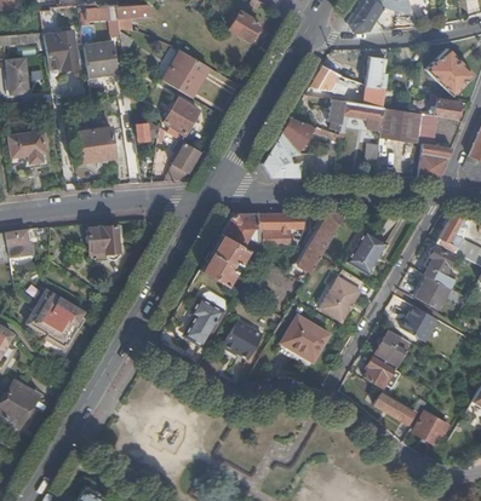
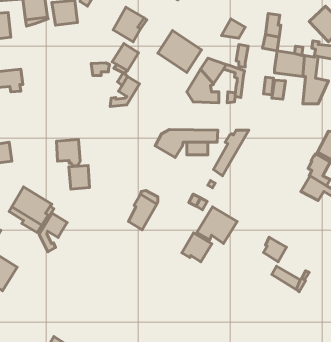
building: none -> [158,31,201,72]
building: [340,103,383,133] -> none
building: [78,120,115,162] -> none
building: [348,230,388,275] -> none
building: [200,235,247,286] -> none
building: none -> [69,166,89,189]
building: [320,269,365,322] -> none
building: [401,306,436,341] -> none
building: [223,322,263,361] -> [182,233,212,262]
building: none -> [39,213,67,252]
building: [374,330,406,369] -> none
building: [413,411,448,444] -> none

